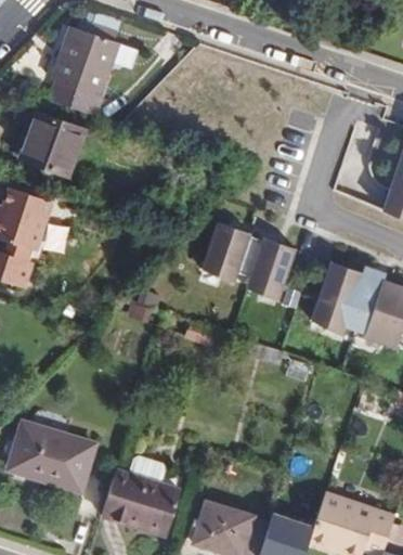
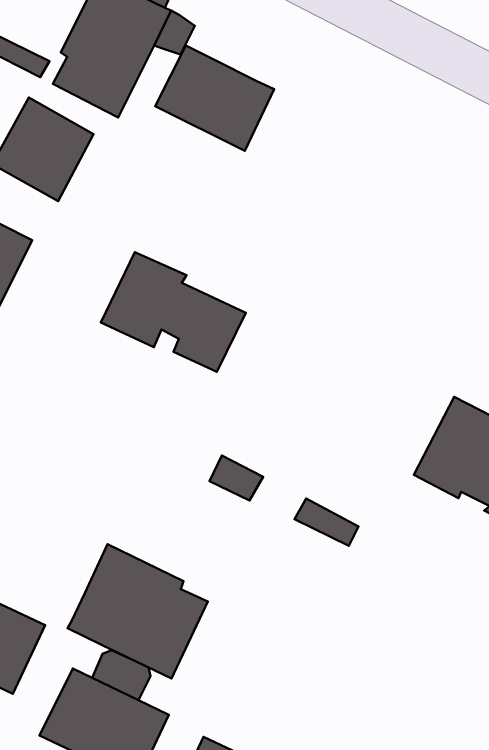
building: none -> [155,46,274,151]
building: [199,220,290,288] -> [101,252,246,372]
building: none -> [68,544,208,678]

